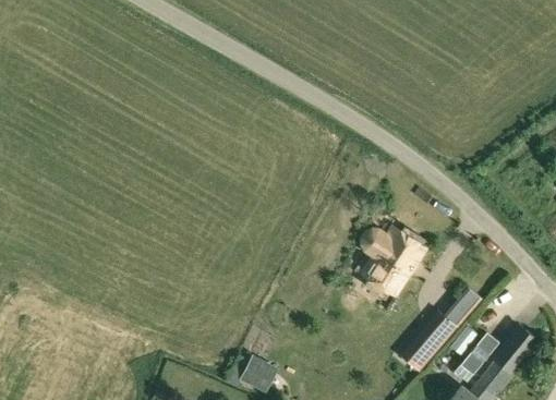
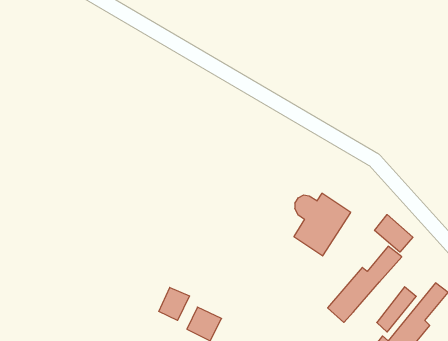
building: none -> [375,215,413,252]
building: none -> [159,287,189,320]

